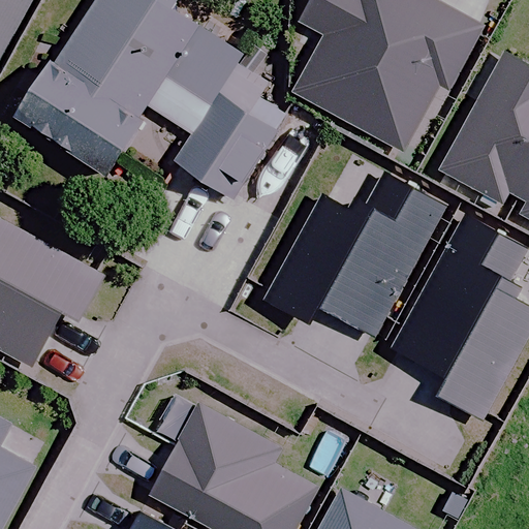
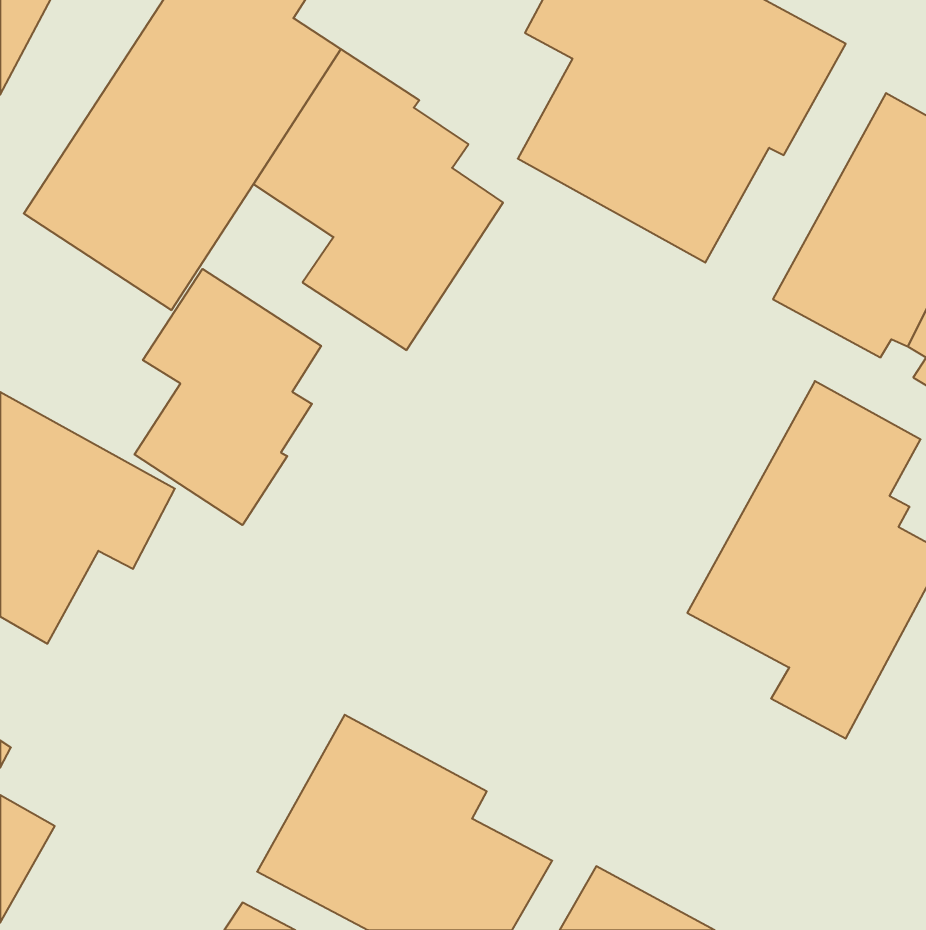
building: none -> [135,269,321,525]
building: [266,173,446,336] -> none

